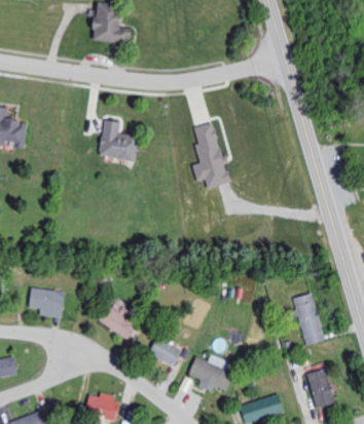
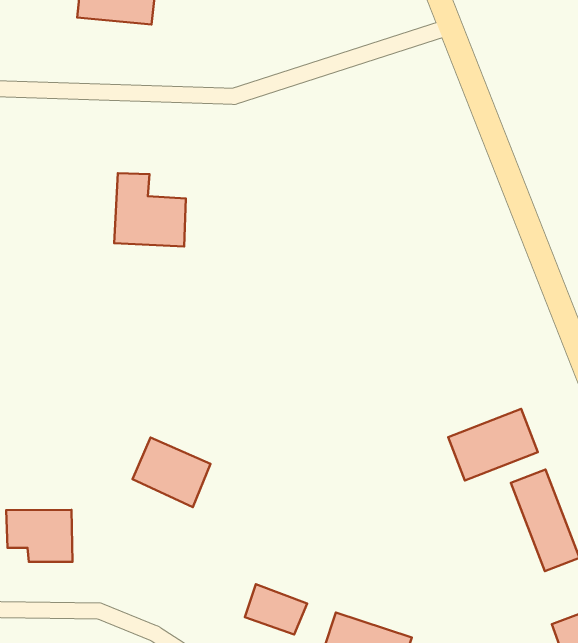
building: [192,122,229,187] -> none
building: none -> [448,409,538,480]
building: [99,301,140,339] -> [132,438,211,507]

